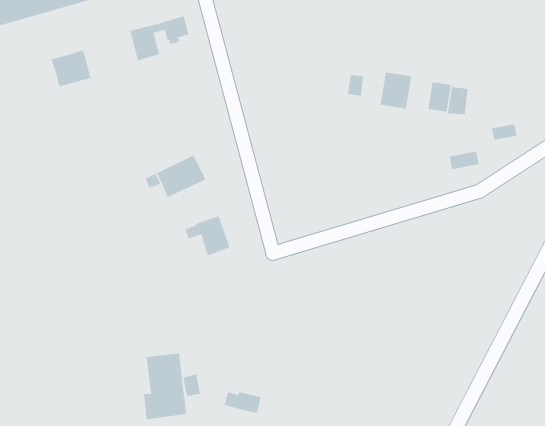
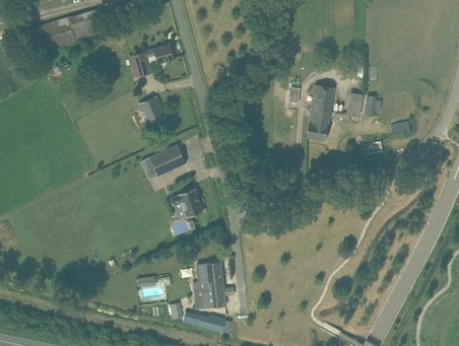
building: [50,49,92,87] -> none
building: none -> [138,95,166,124]
building: none -> [307,109,330,140]
building: [143,352,187,420] -> [194,261,225,309]

